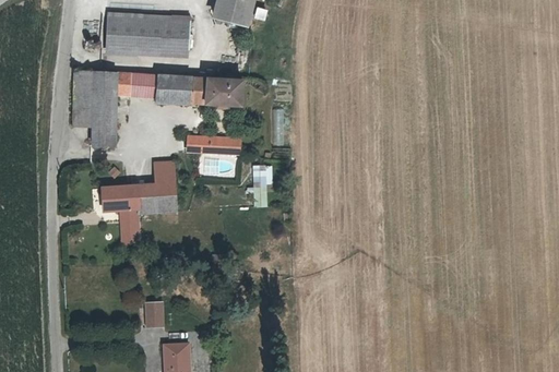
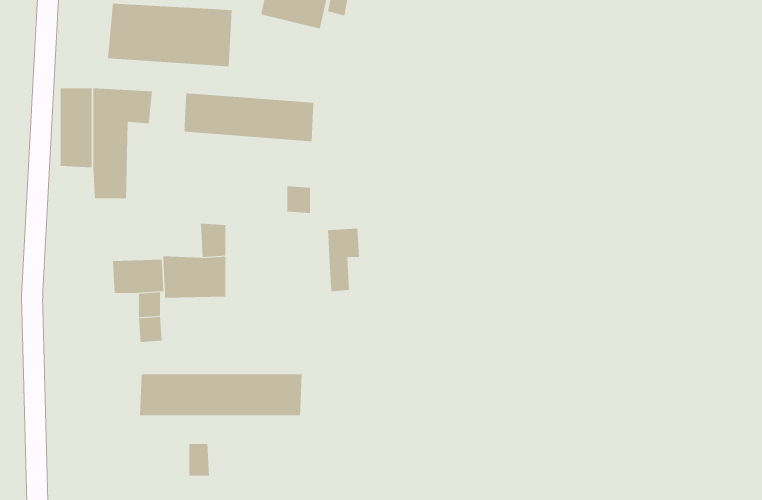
building: [132,72,156,95] -> none
building: [190,133,224,153] -> none
building: none -> [140,374,302,416]

